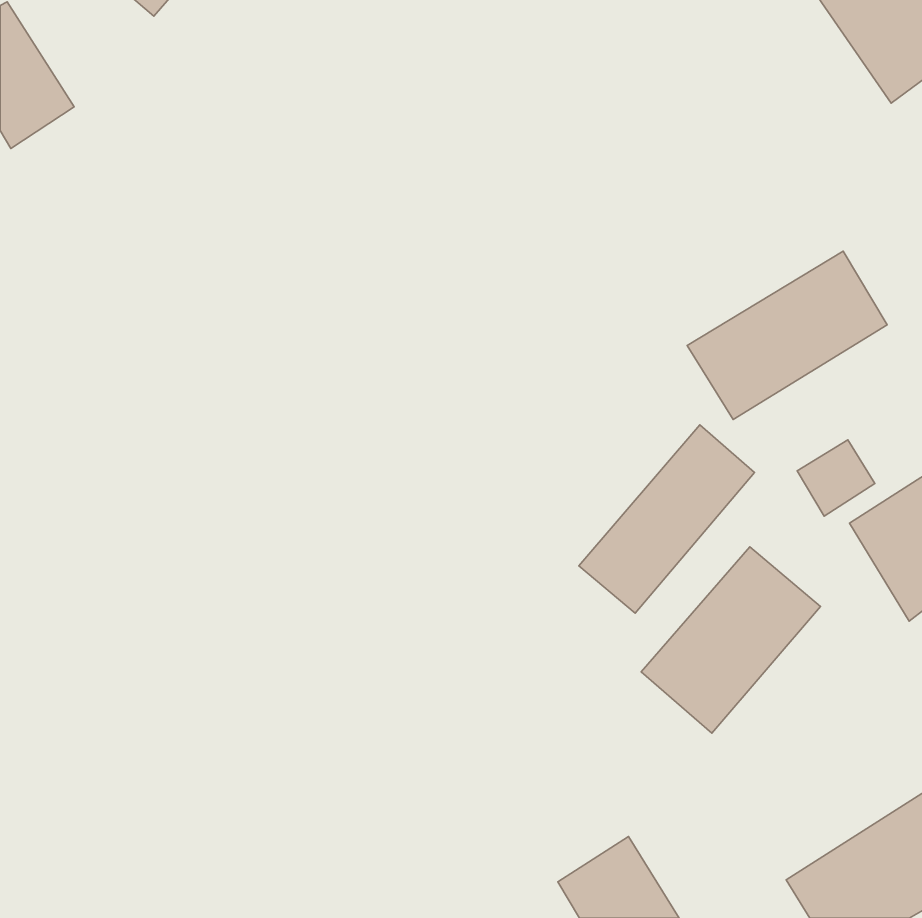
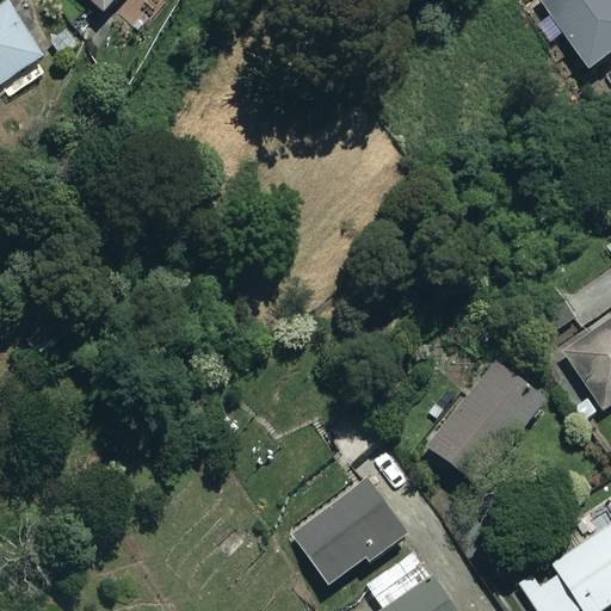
building: [687,251,887,420] -> none
building: [579,425,755,613] -> none
building: none -> [295,485,402,585]

